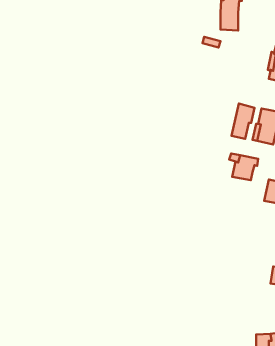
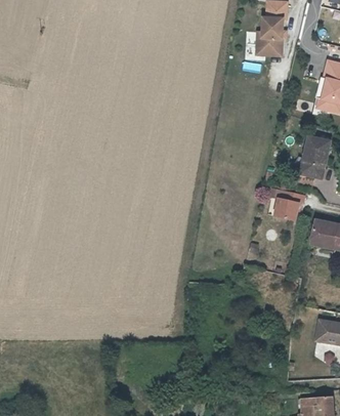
building: [232,104,254,139] -> none

